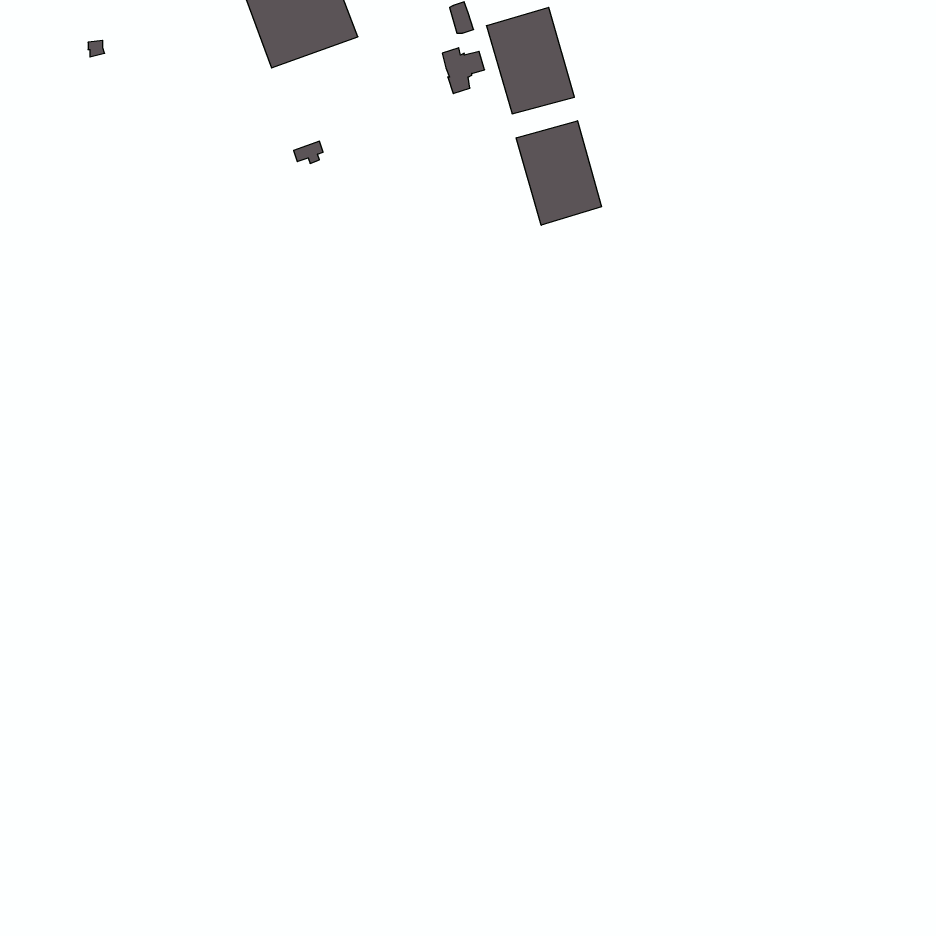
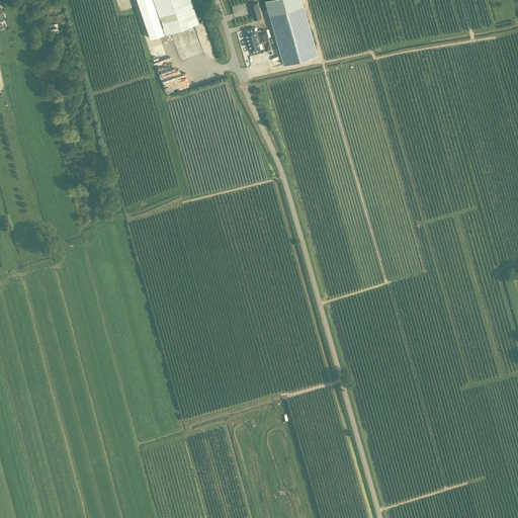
building: [516,121,601,225] -> none

